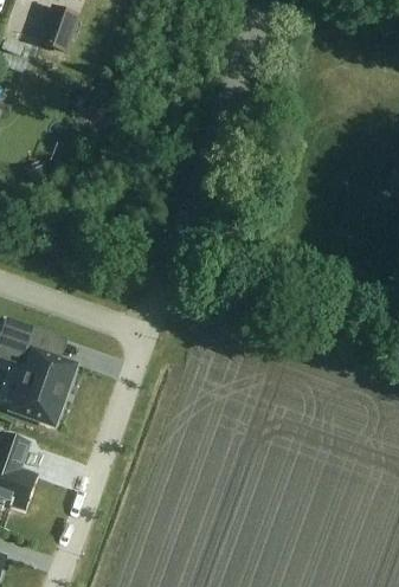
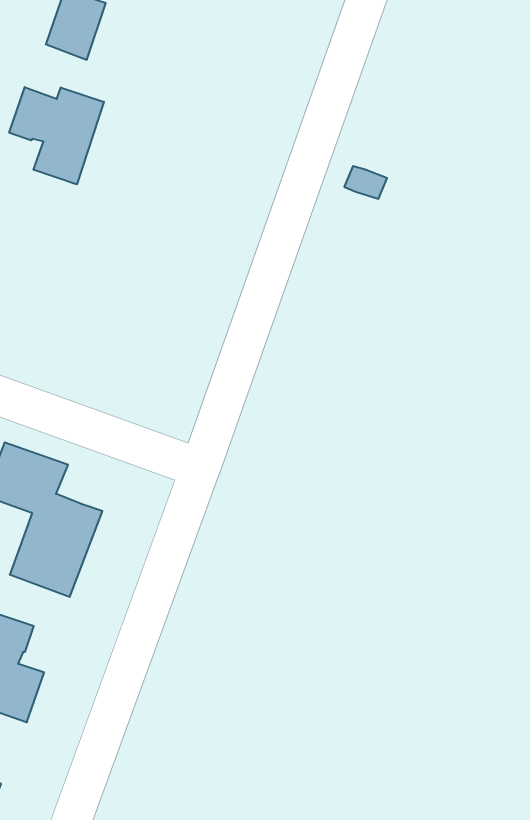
building: none -> [9,87,104,184]

